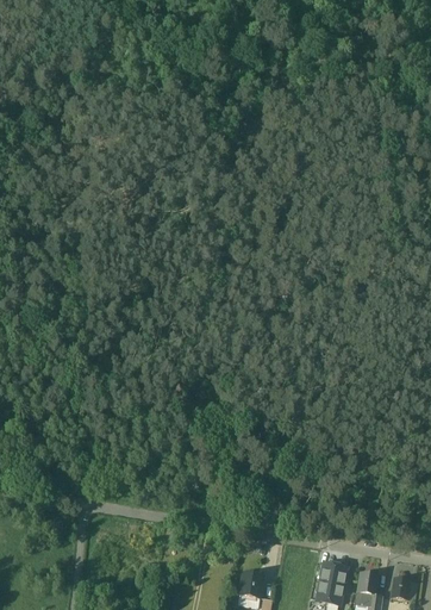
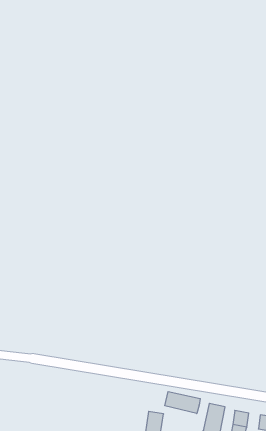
building: none -> [165,392,200,414]

